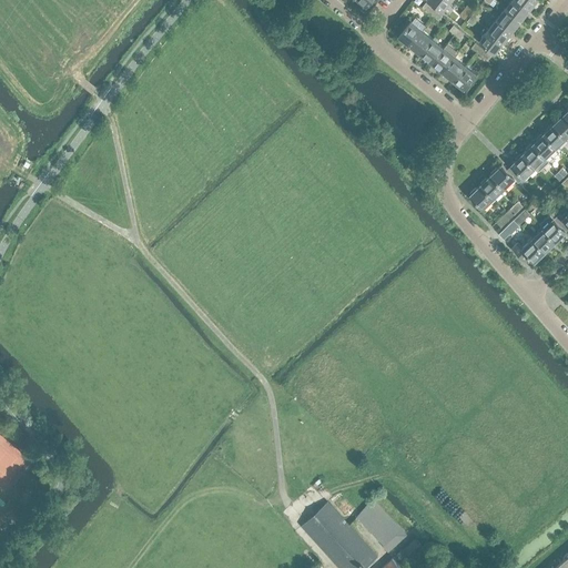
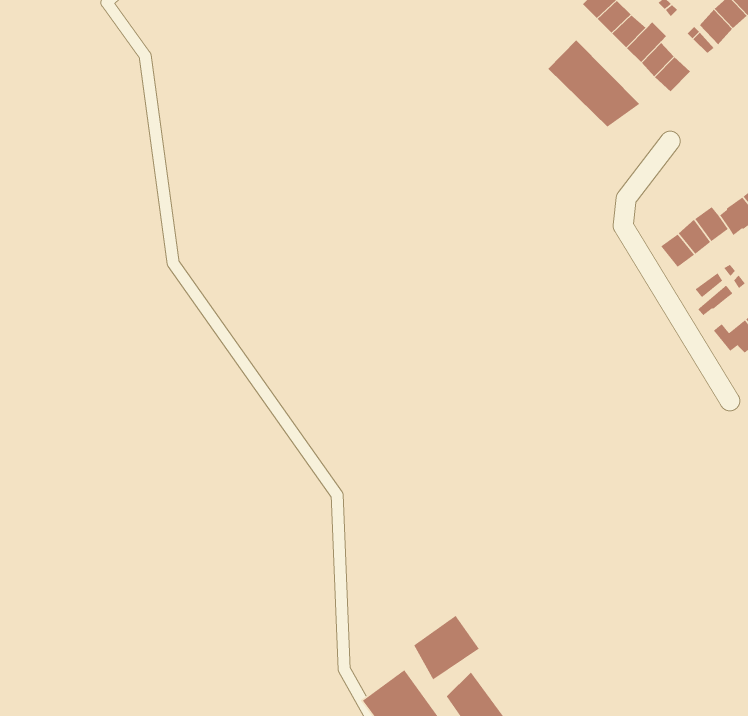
building: none -> [547,39,640,127]
building: none -> [413,615,480,680]

